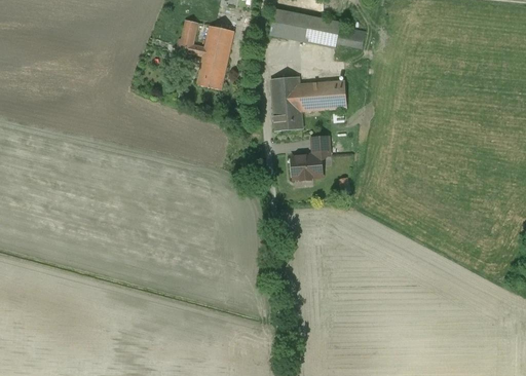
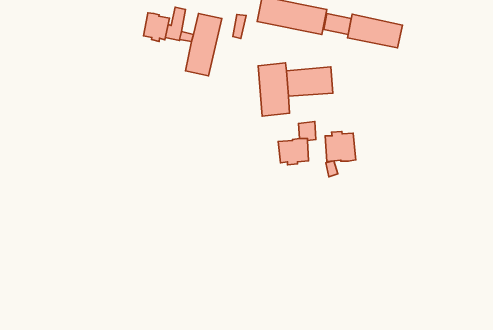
building: none -> [143,13,170,41]
building: none -> [347,14,402,48]
building: none -> [325,131,356,161]

